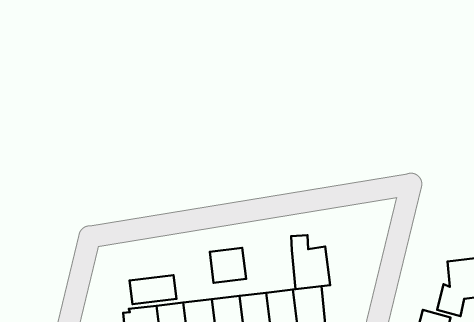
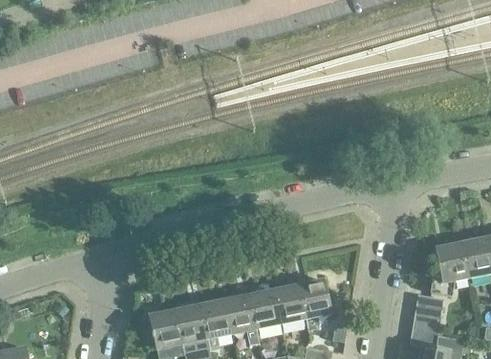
building: [291,235,330,289] -> none
building: [210,248,246,283] -> none
building: [129,275,177,304] -> none

